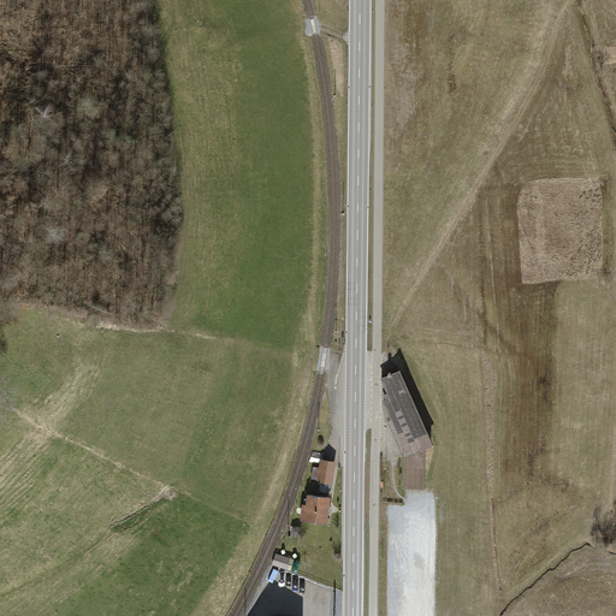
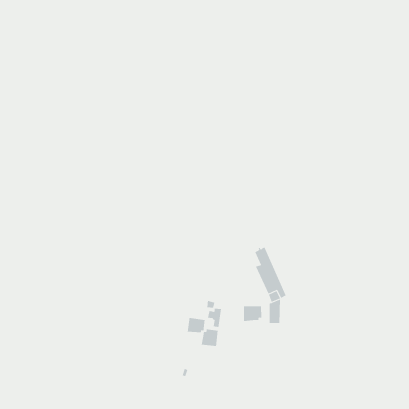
building: none -> [243,305,262,322]
building: none -> [187,317,205,333]

